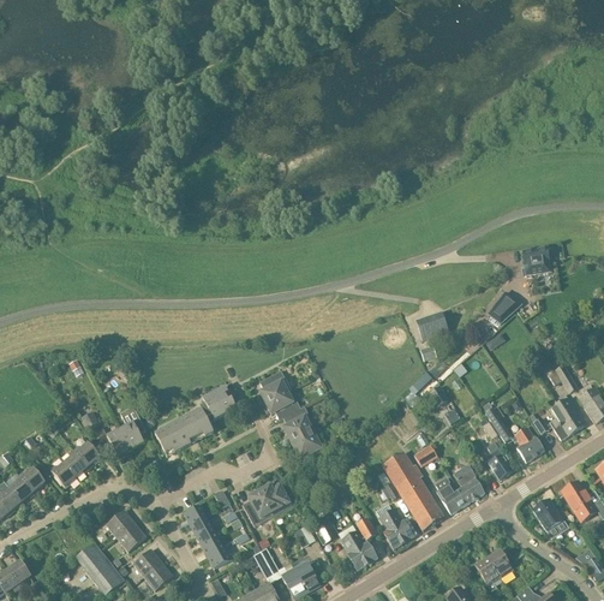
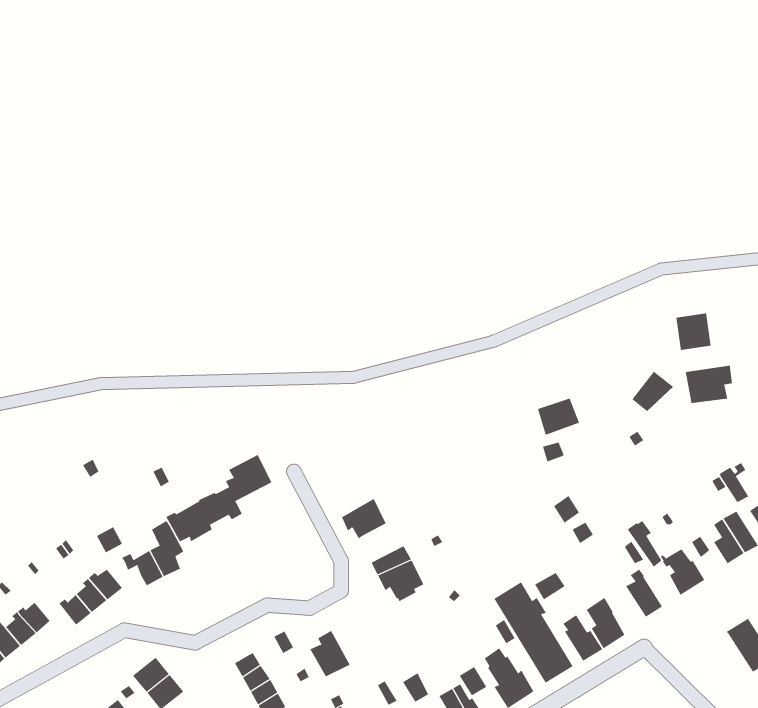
building: none -> [685,365,733,404]
building: [258,369,291,403] -> none
building: [154,385,235,452] -> [165,454,272,542]
building: [282,405,313,438] -> none
building: [258,483,291,516] -> none
building: [532,498,569,540] -> none

